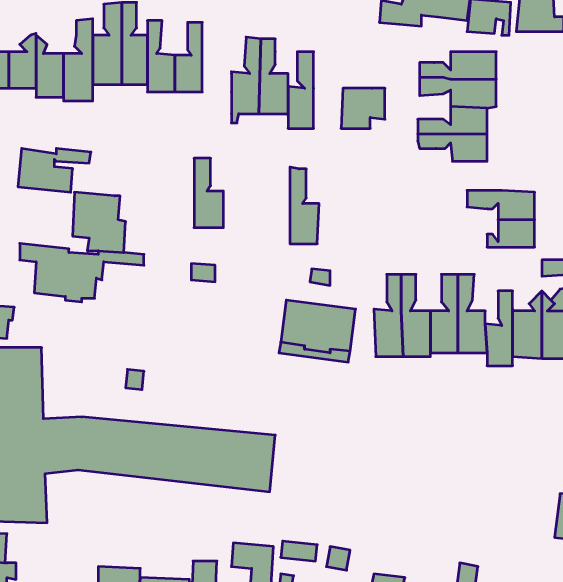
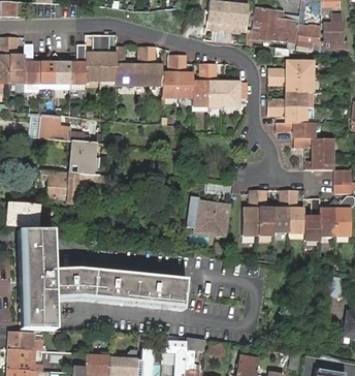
building: [194,158,223,228] -> [144,44,161,84]
building: none -> [277,123,314,139]
building: [290,167,319,244] -> [207,61,224,104]

